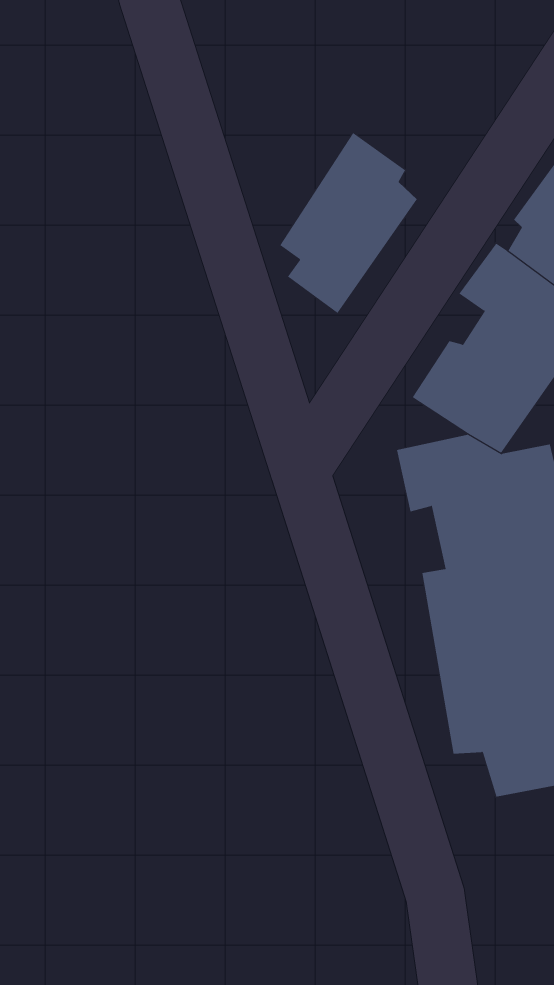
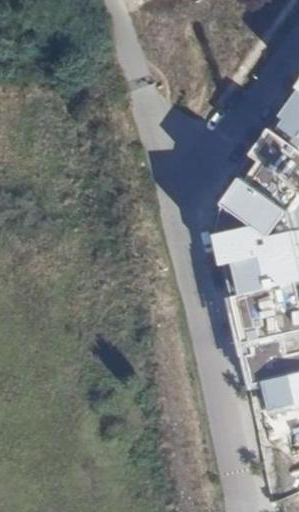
building: [279,132,418,314] -> none

